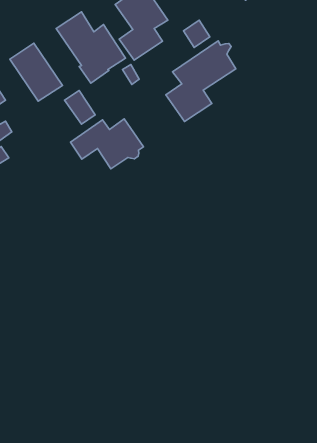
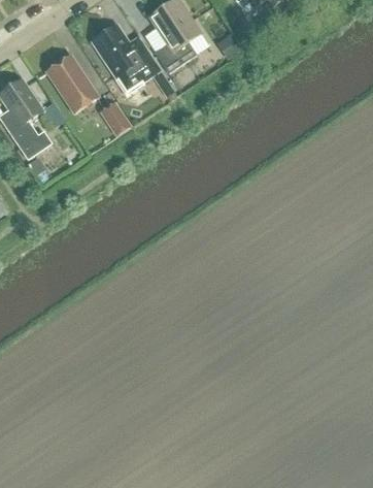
building: [166,41,236,121] -> none
building: [71,119,144,169] -> none

